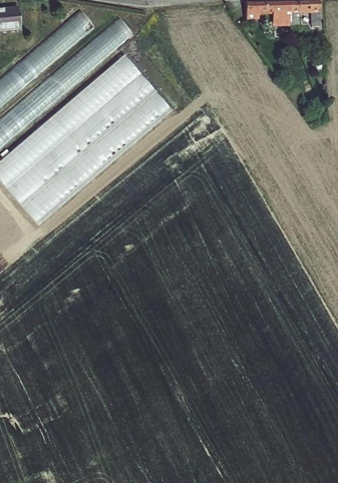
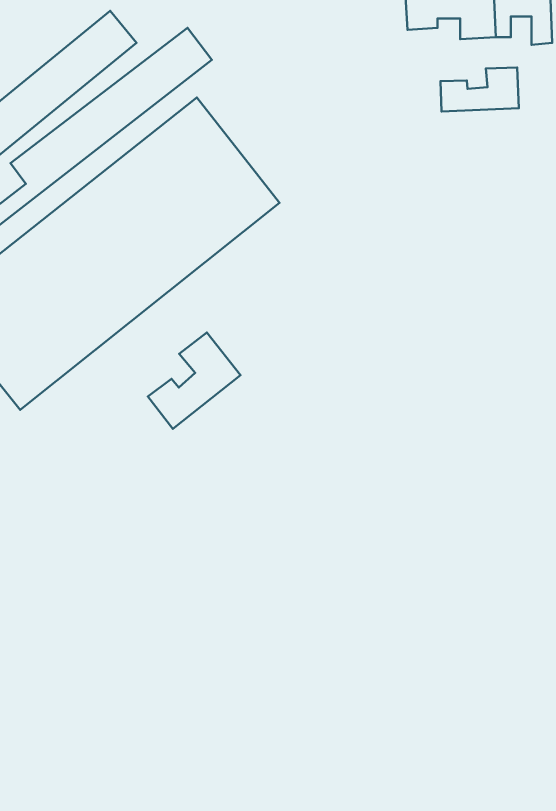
building: none -> [440,68,519,111]
building: none -> [148,333,240,429]

